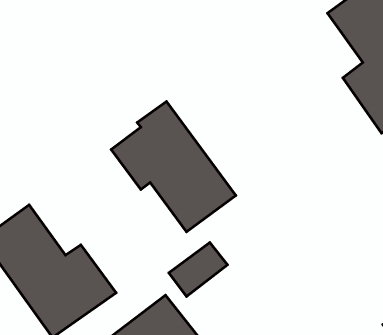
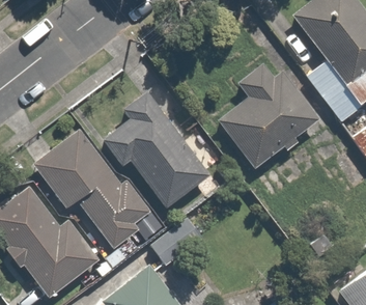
building: none -> [213,60,318,170]
building: none -> [36,133,146,246]

